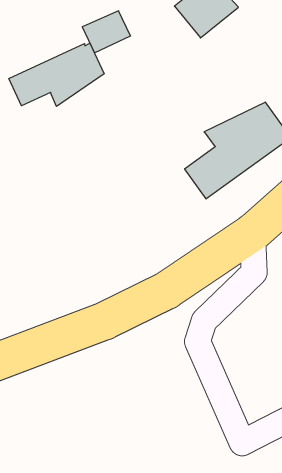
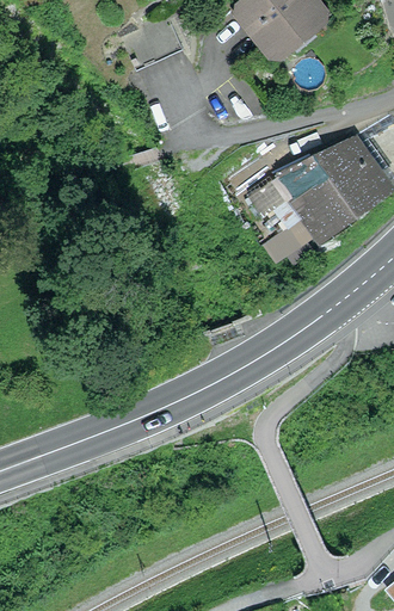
building: [9,43,104,106] -> none

